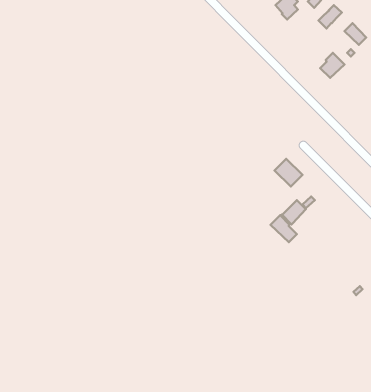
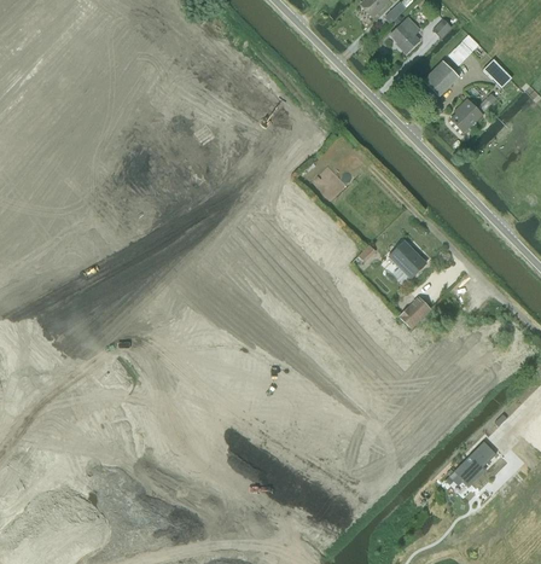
building: none -> [424,60,459,95]
building: [270,215,297,242] -> none
building: none -> [454,438,496,483]

